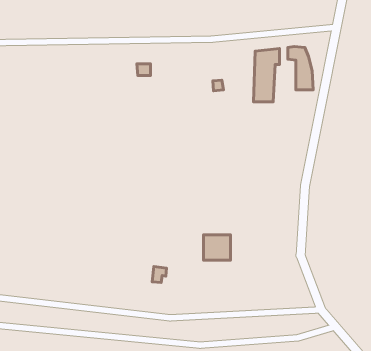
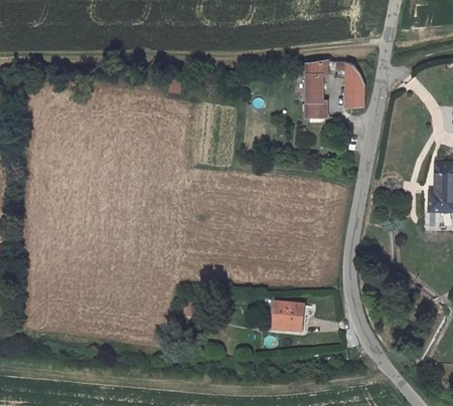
building: [203,235,230,260] -> [273,302,303,331]

